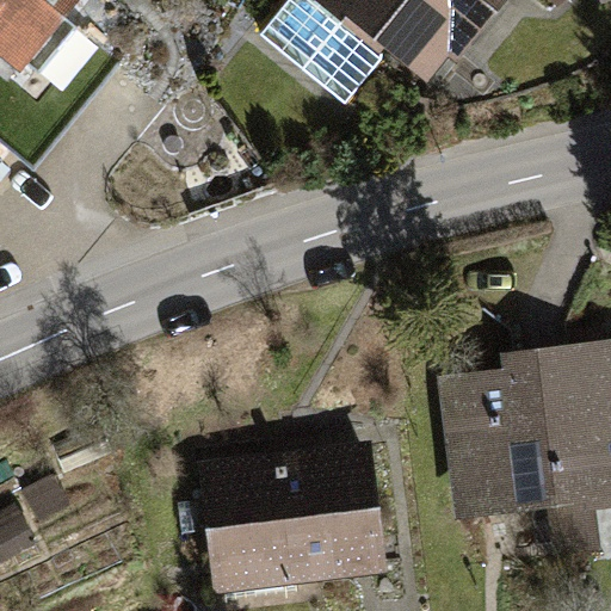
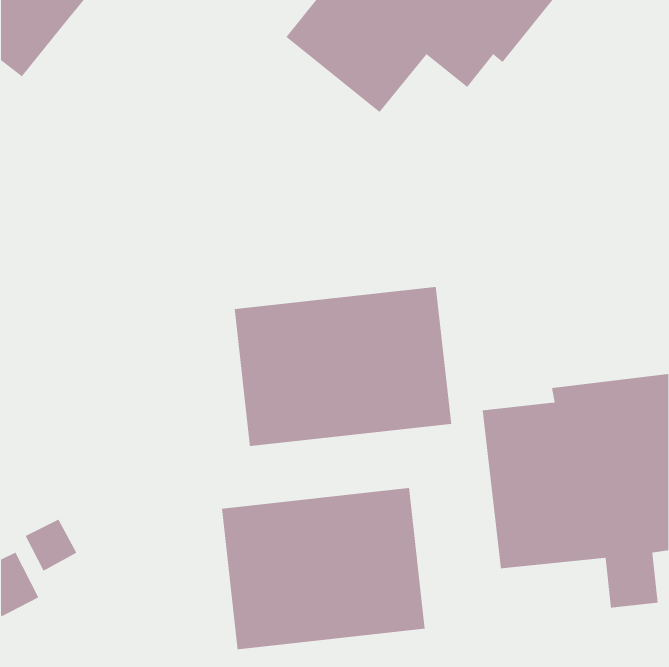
building: none -> [234,286,452,447]

